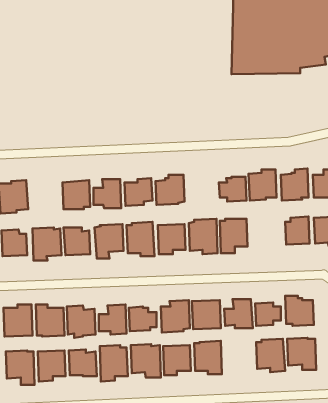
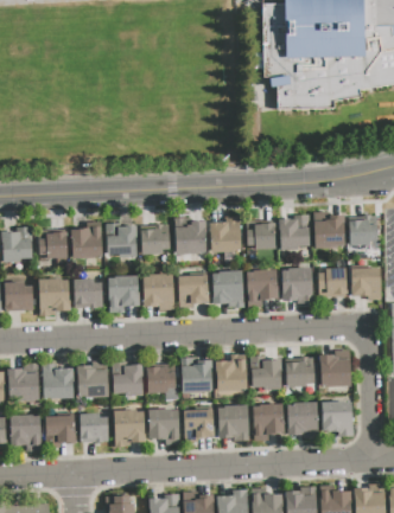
building: none -> [211,217,242,252]
building: none -> [38,231,69,258]
building: none -> [281,267,313,304]
building: none -> [253,403,285,436]

